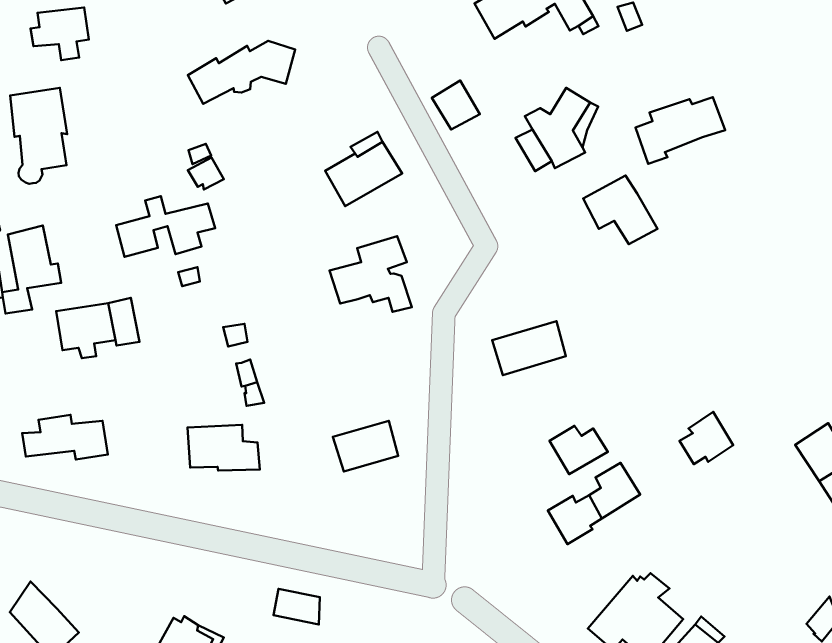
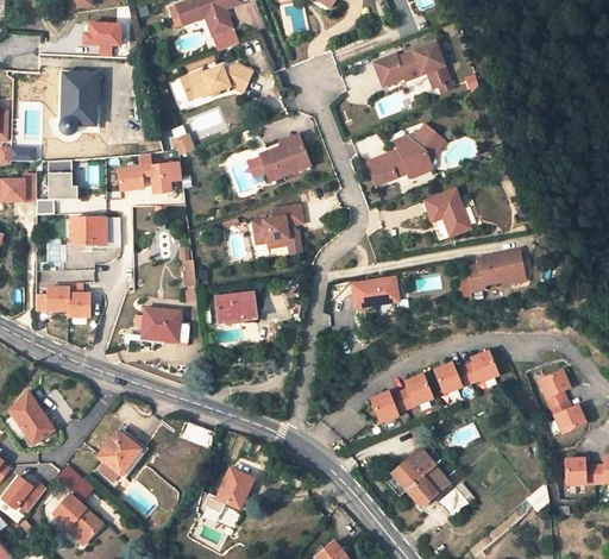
building: [432,81,480,129] -> [366,152,396,183]
building: [635,97,725,164] -> [466,252,525,290]
building: [333,421,398,472] -> [214,294,255,322]
building: [550,426,608,474] -> [433,363,470,394]

